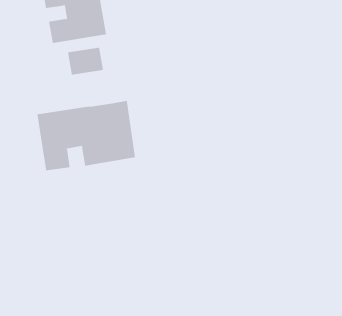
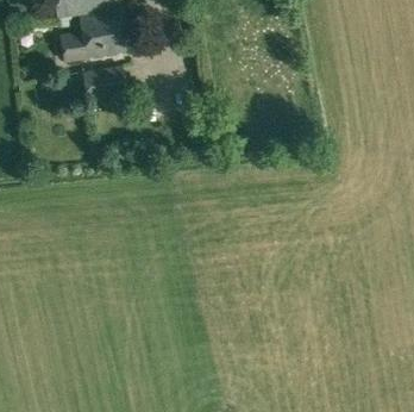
building: [37,100,135,171] -> none

